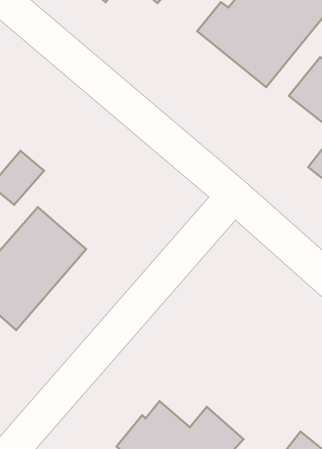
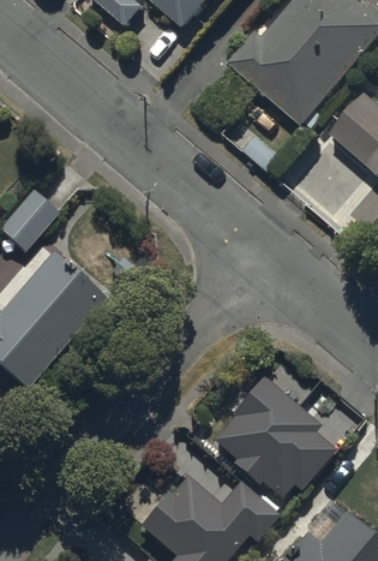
building: none -> [210,375,336,496]

